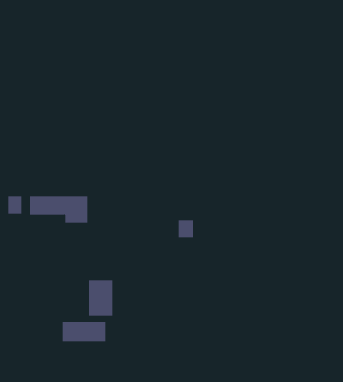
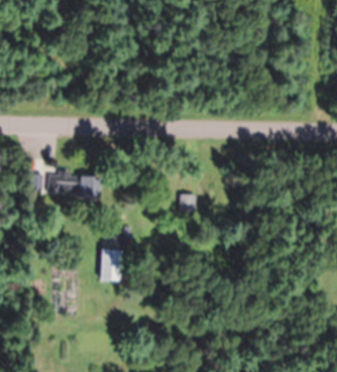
building: [62,321,106,342] -> none

